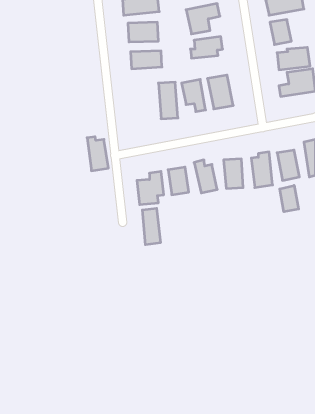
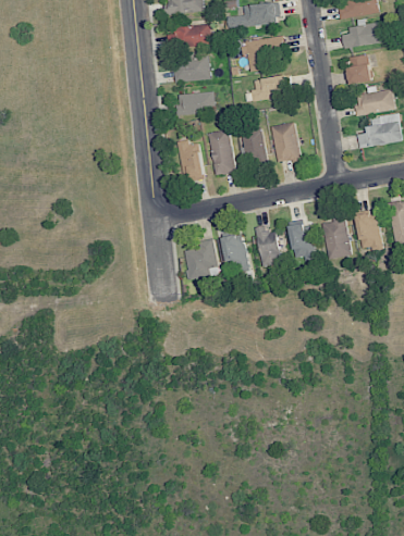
building: [87,137,108,171] -> [179,140,205,182]
building: [280,185,299,212] -> none
building: [142,208,160,245] -> none

